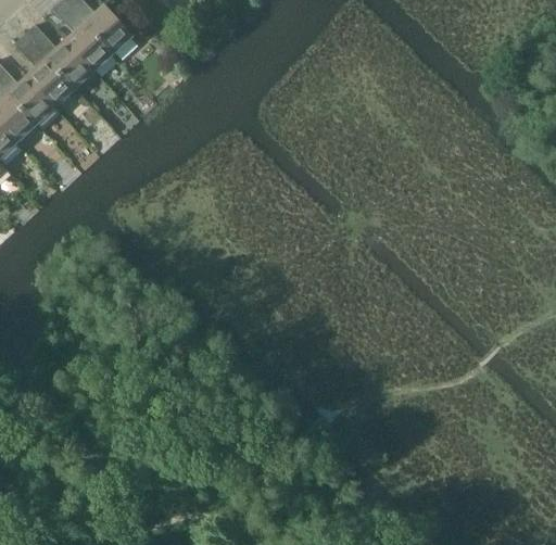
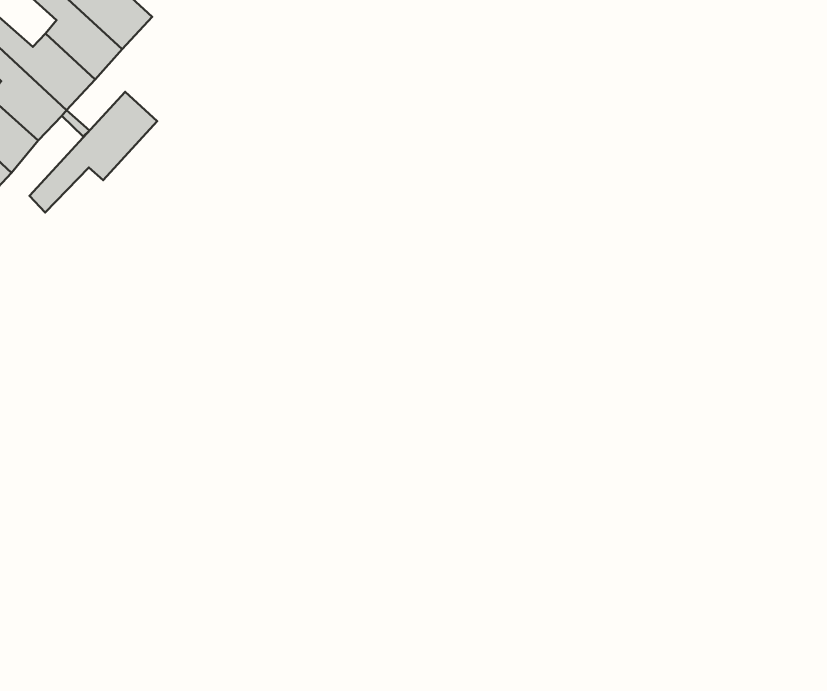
building: none -> [29,92,157,212]

